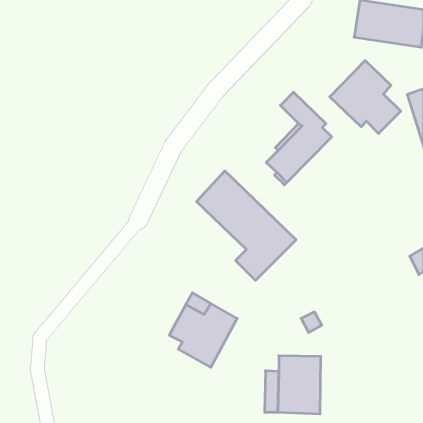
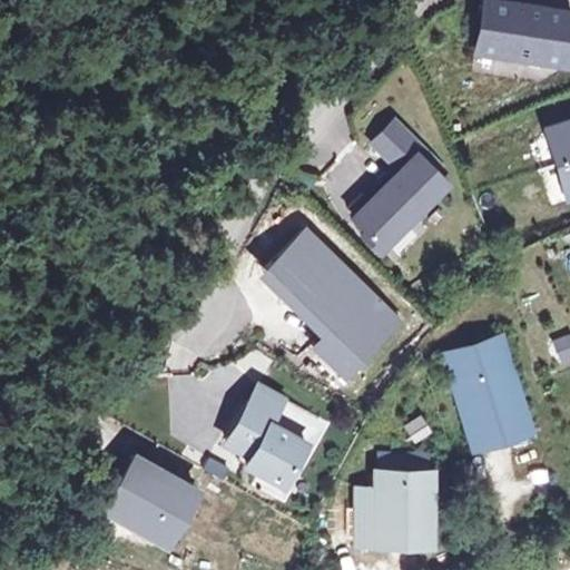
building: [330,61,401,134] -> none
building: none -> [444,335,531,448]
building: none -> [109,459,202,547]

